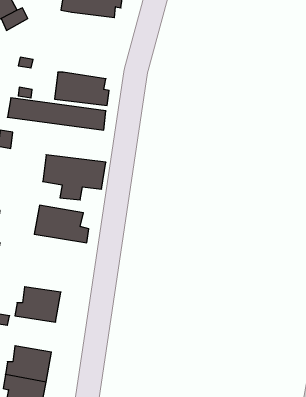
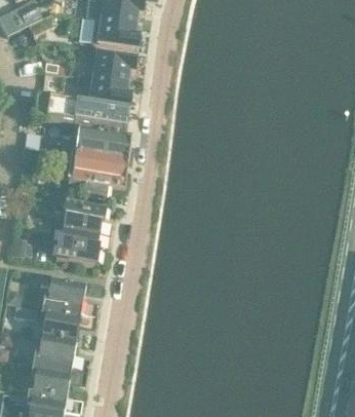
building: none -> [91,17,139,48]
building: none -> [86,50,135,81]
building: none -> [70,128,130,161]
building: none -> [54,230,109,265]
building: none -> [38,308,79,343]

